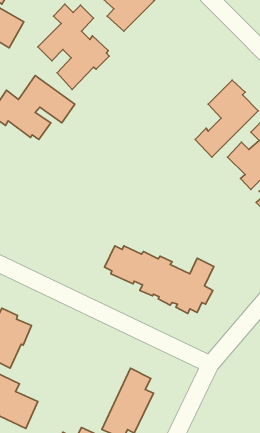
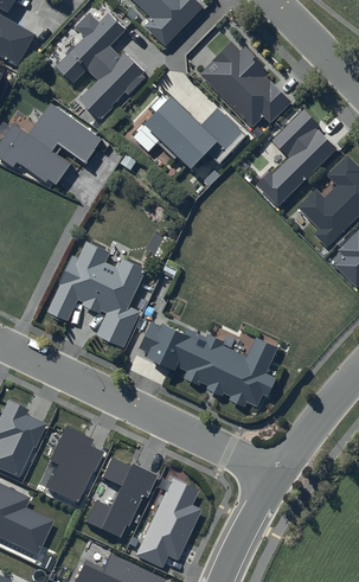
building: none -> [198,41,290,128]
building: none -> [141,94,241,166]
building: none -> [46,237,145,344]
building: none -> [47,427,102,503]
building: none -> [84,458,156,538]

